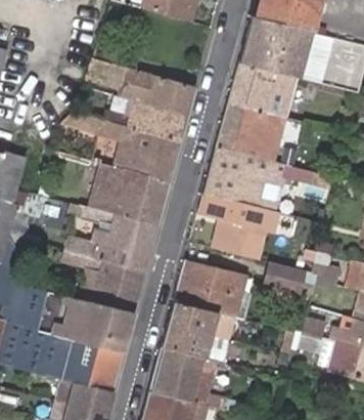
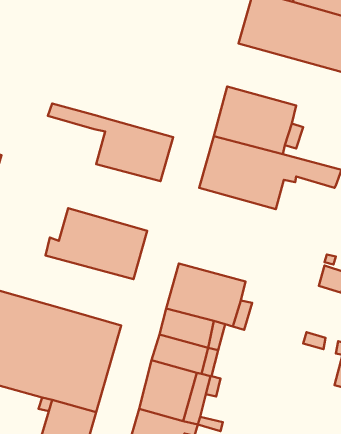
building: [90,45,195,143] -> none
building: [230,58,304,115] -> none
building: [86,164,170,228] -> none
building: [199,190,281,258] -> none
building: [62,251,145,314] -> none
building: [256,260,306,299] -> none

